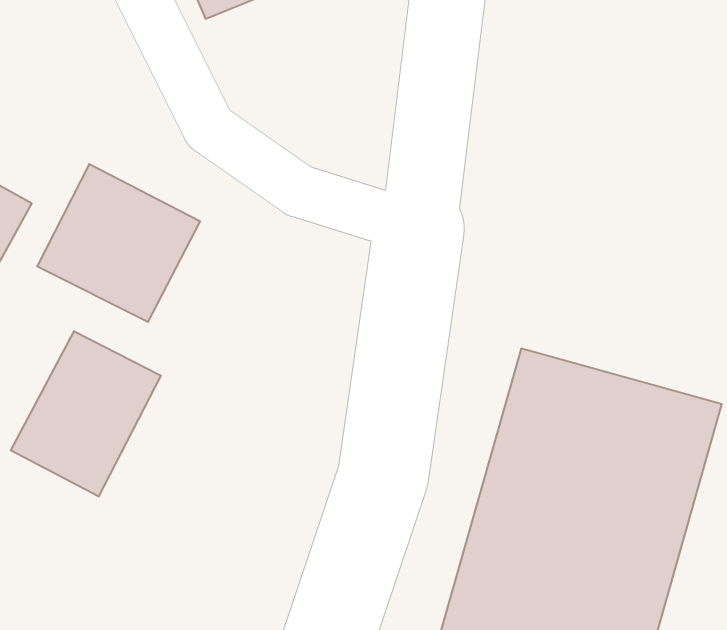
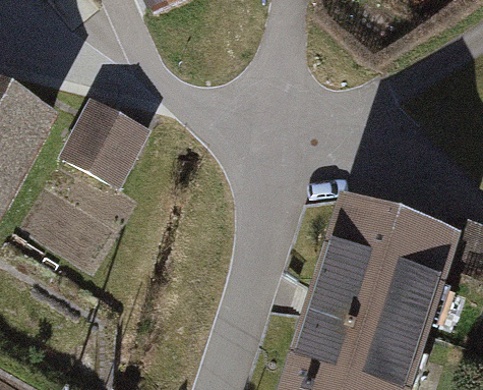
building: [11,331,161,497] -> none

